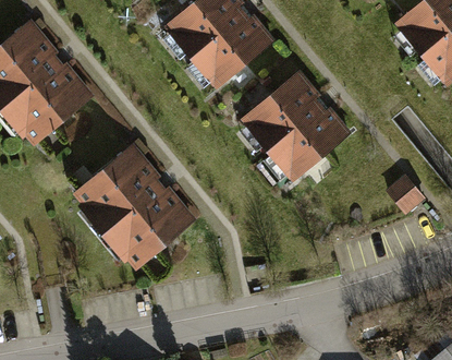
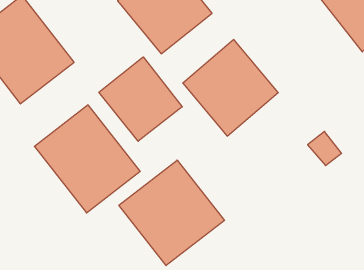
building: none -> [99,57,182,141]
building: none -> [119,160,224,266]

